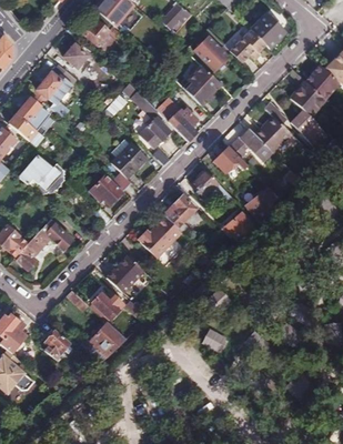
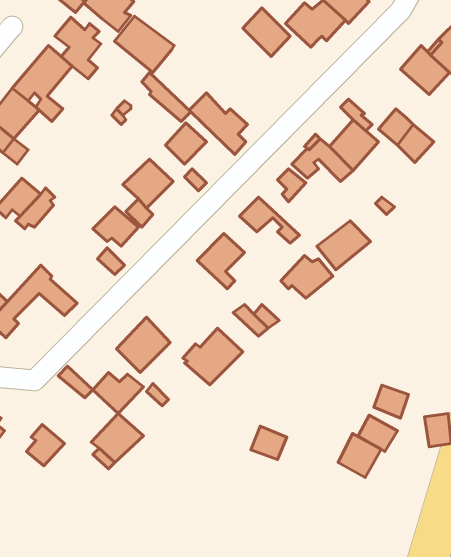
building: none -> [115,16,174,73]
building: [182,63,221,104] -> none
building: [290,80,325,114] -> none
building: [139,215,181,255] -> [183,328,243,385]
building: none -> [338,433,381,477]

